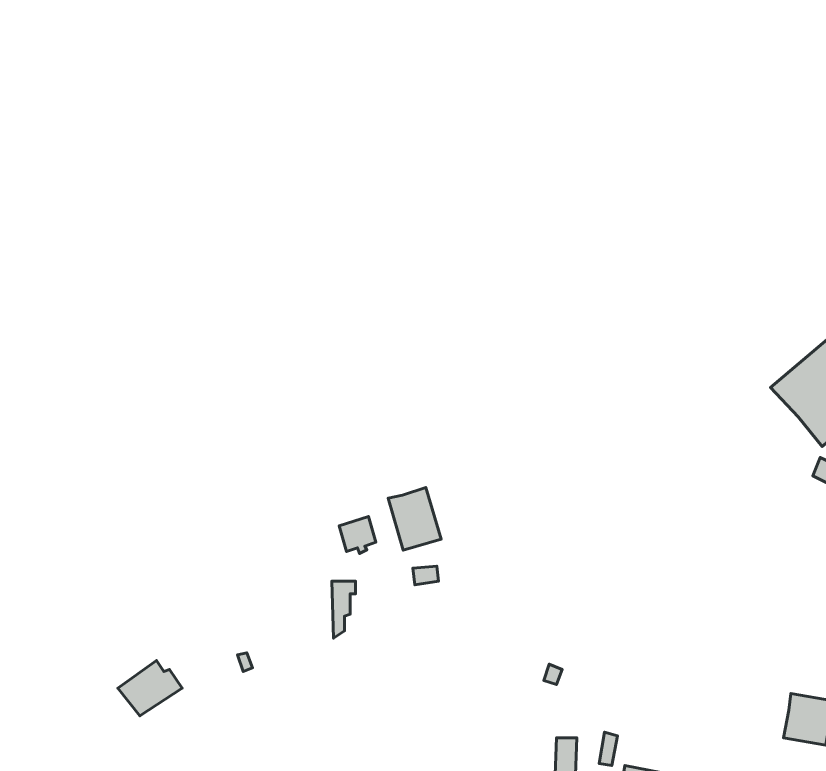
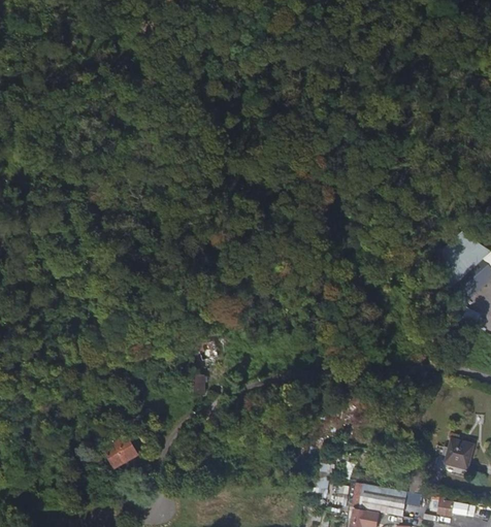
building: [388,487,441,550] -> none
building: [118,660,182,716] -> [104,438,140,469]

